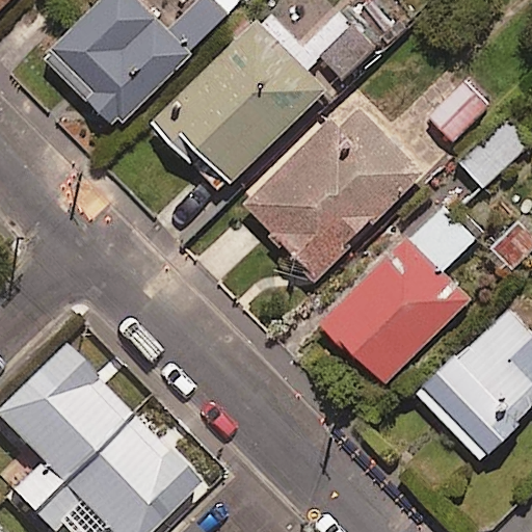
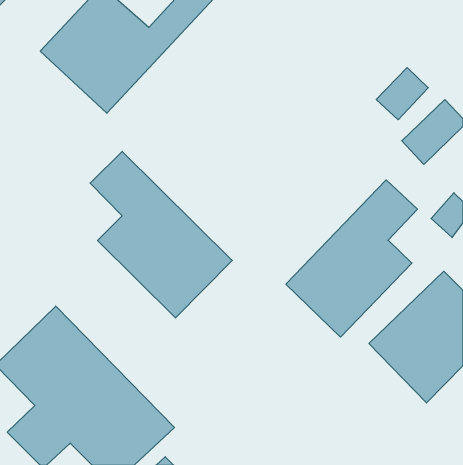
building: [152,6,375,191] -> none
building: [243,98,422,276] -> none
building: none -> [90,151,232,318]

